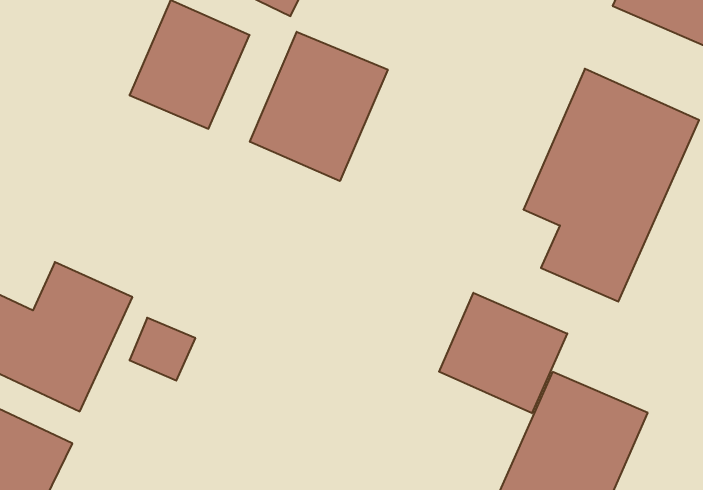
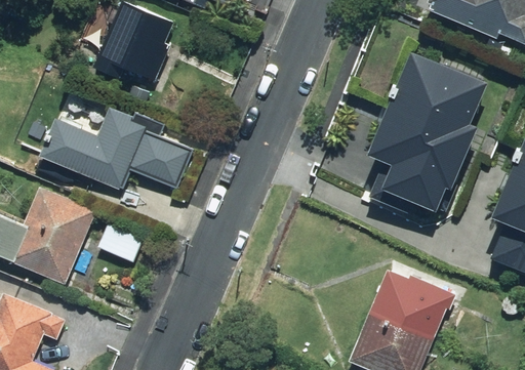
building: [250,32,388,181] -> none
building: none -> [33,102,200,201]
building: [439,293,567,413] -> none

